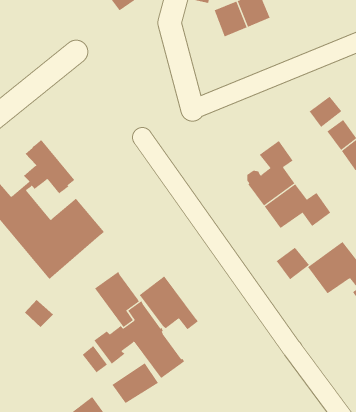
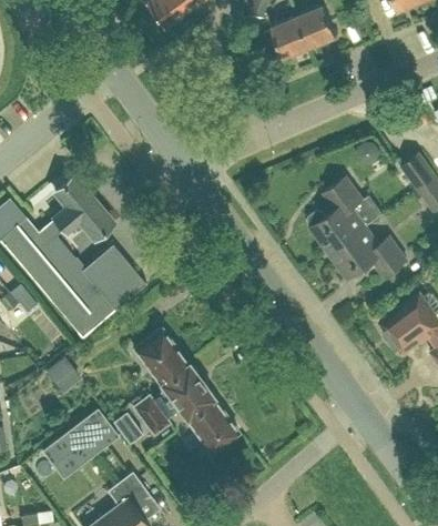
building: [309,96,342,128] -> none
building: [276,247,310,280] -> none
building: [139,276,199,331] -> none
building: none -> [43,408,120,478]

